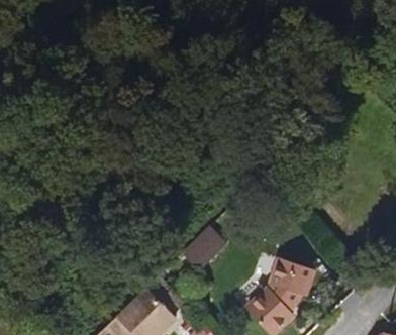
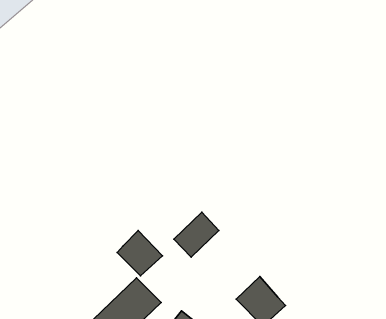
building: none -> [117,230,163,276]
building: [264,255,304,305] -> none

